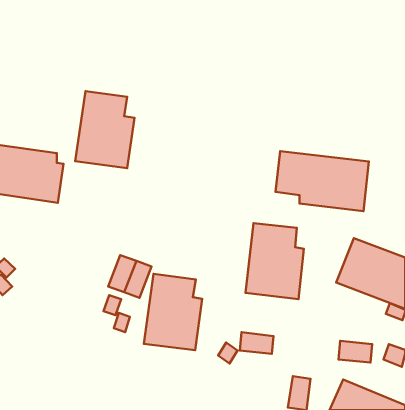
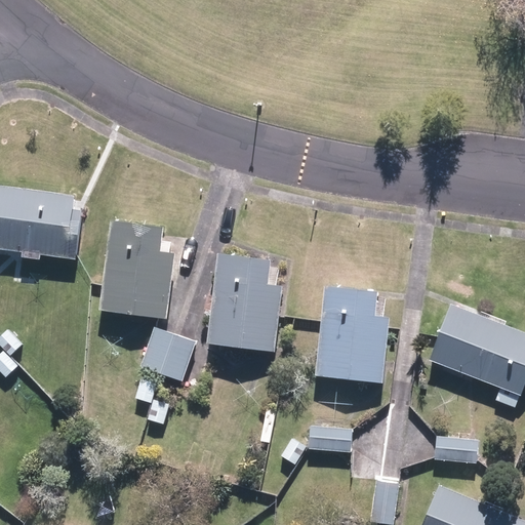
building: [75,91,134,168] -> [98,220,174,319]
building: [275,151,369,211] -> none
building: [144,274,202,350] -> [207,254,282,352]

